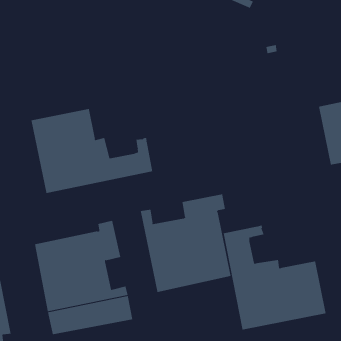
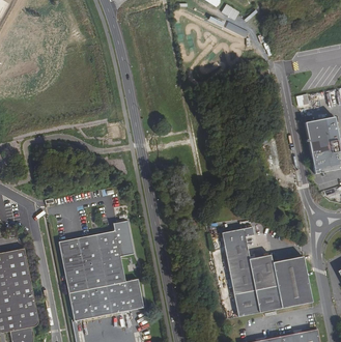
building: [31,108,153,194] -> none
building: [140,194,231,293] -> none

